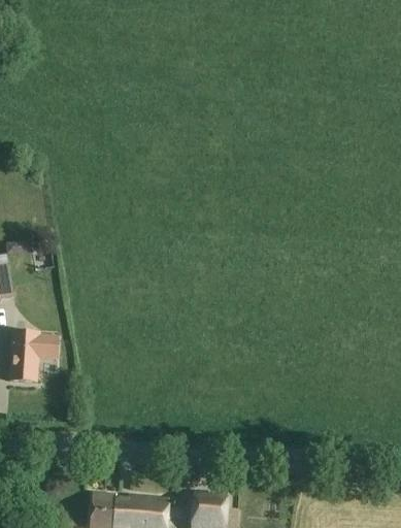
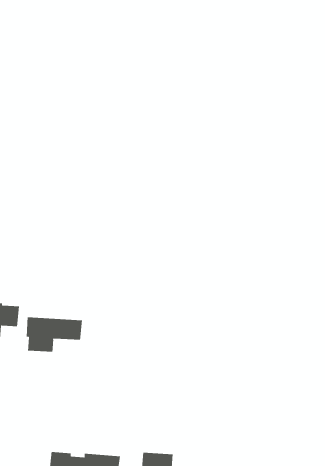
building: none -> [26,316,83,352]

